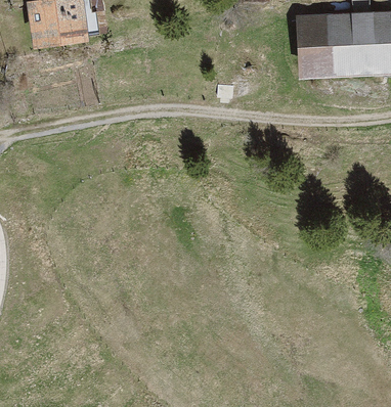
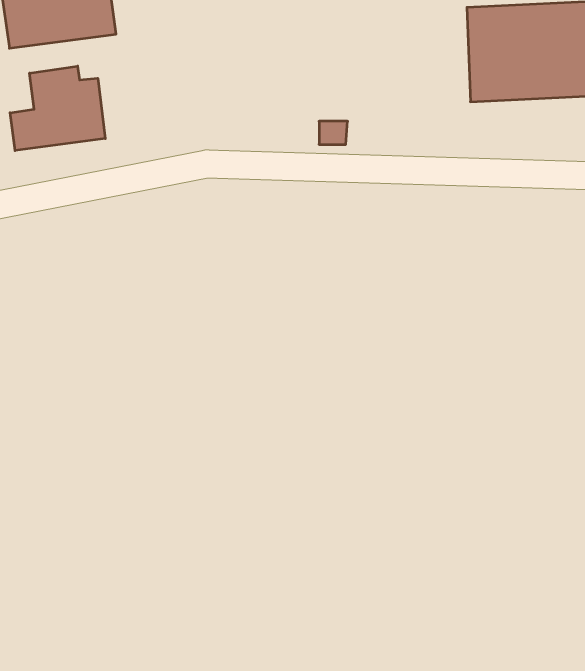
building: none -> [10,66,105,151]

